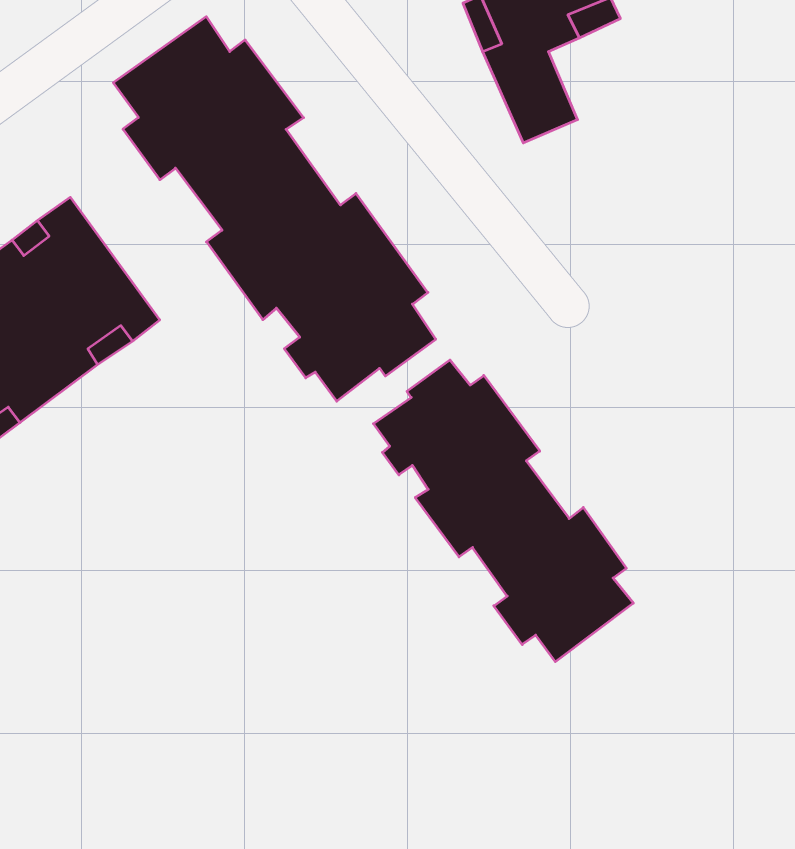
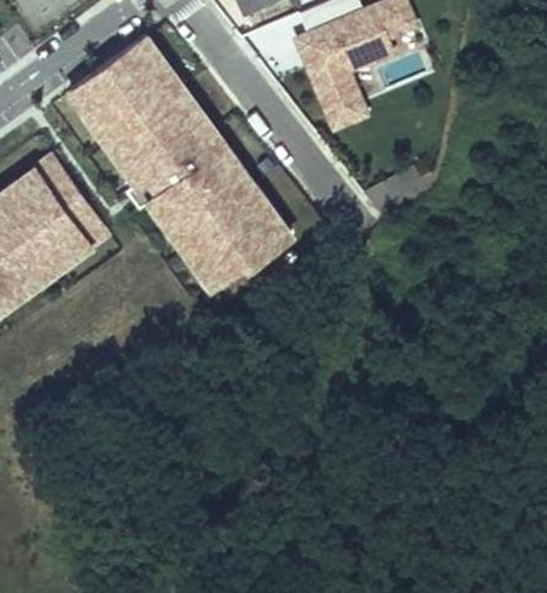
building: [373,360,633,662] -> none

